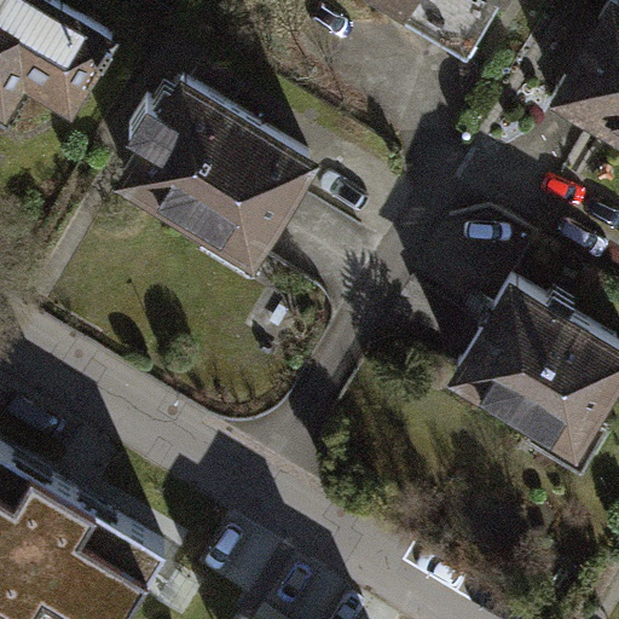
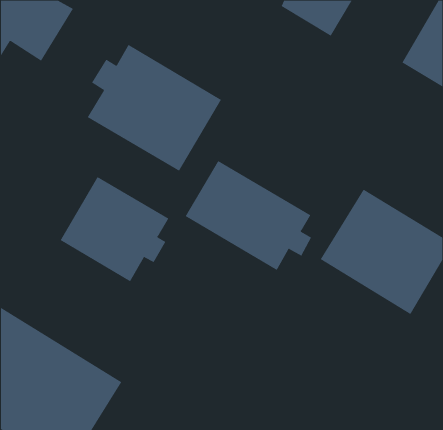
building: none -> [185,160,312,271]
building: none -> [60,176,169,282]

